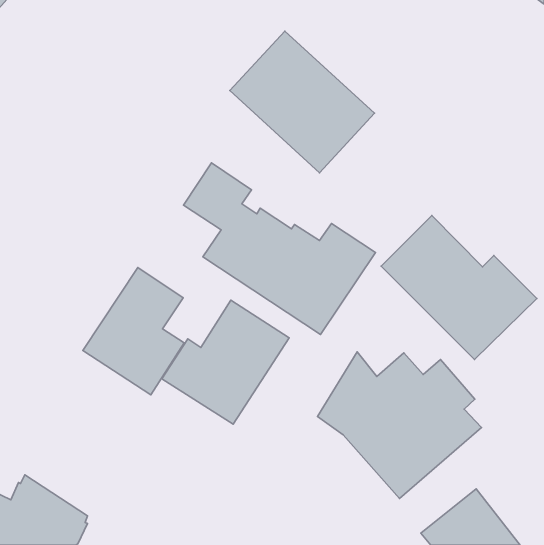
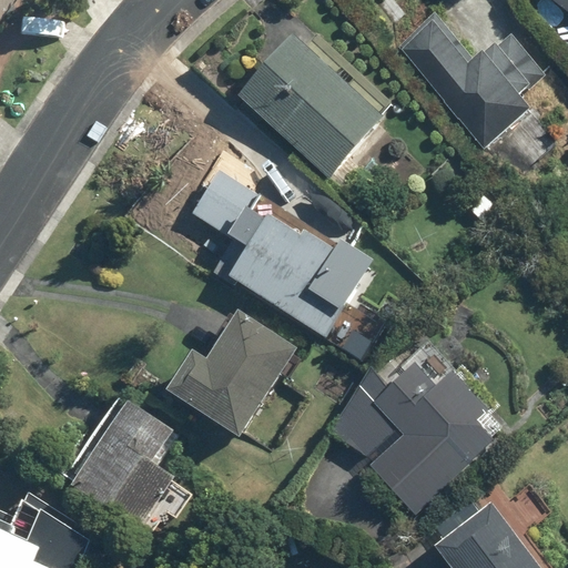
building: none -> [393,10,541,151]
building: [381,215,537,360] -> none
building: [83,267,184,395] -> [69,398,173,529]

